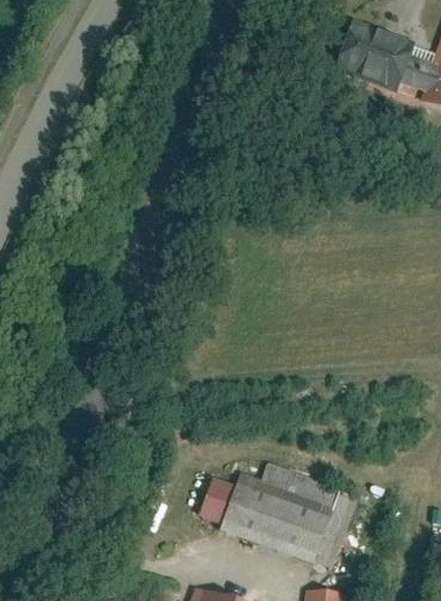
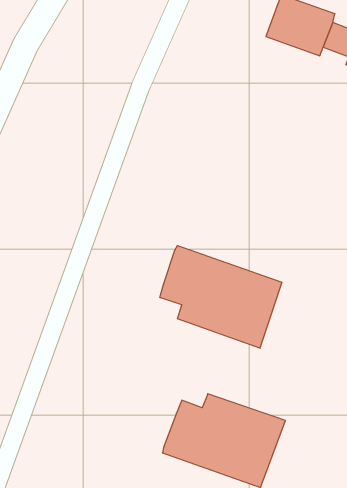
building: none -> [160,246,282,348]
building: [200,477,235,523] -> none

